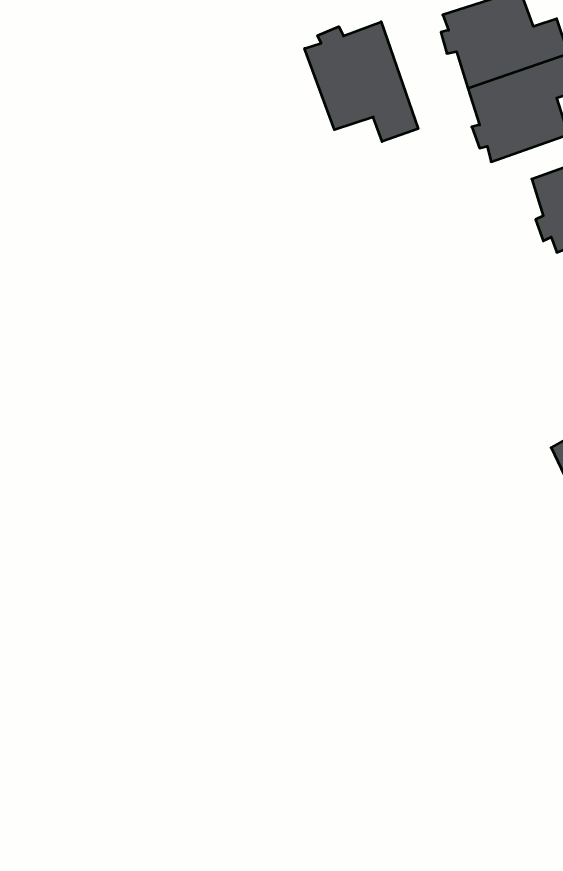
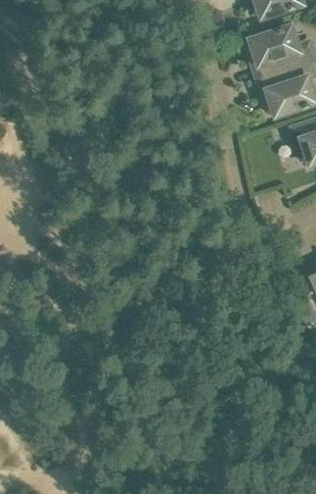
building: [305,22,418,142] -> none

